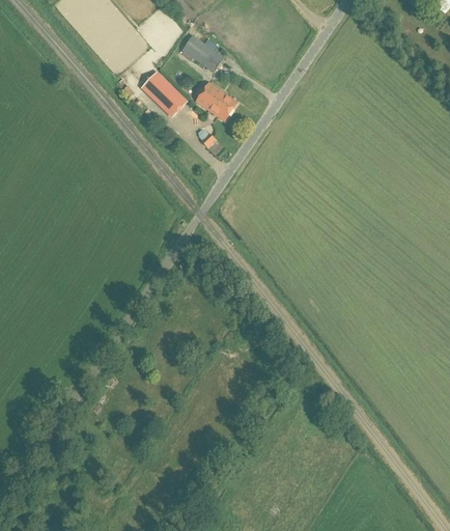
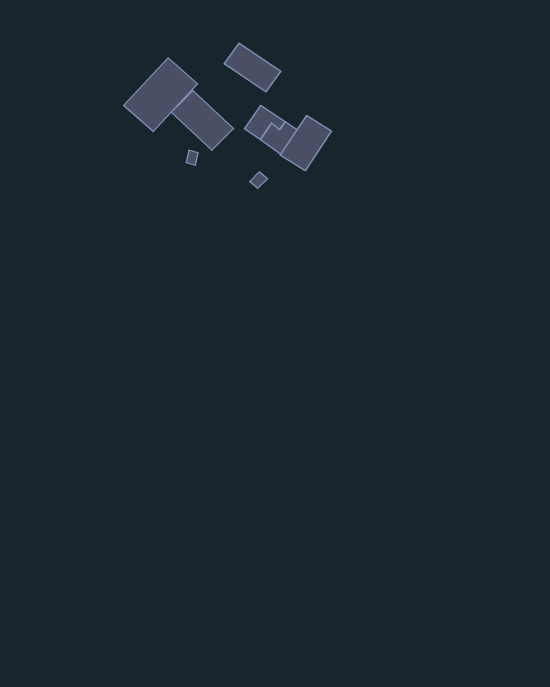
building: none -> [124,58,198,132]
building: none -> [280,115,332,171]

